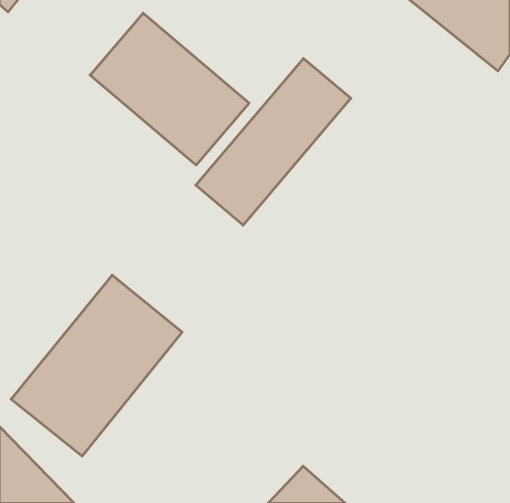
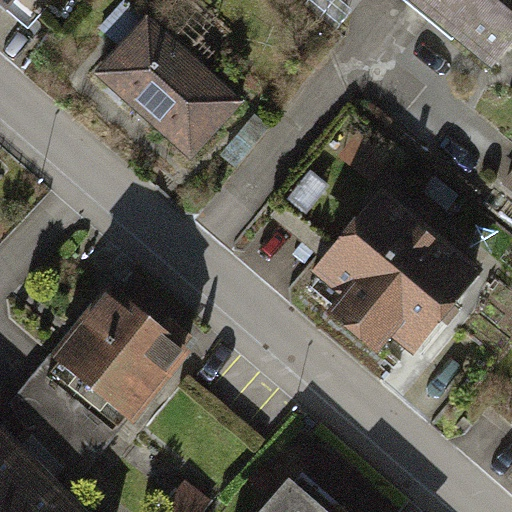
building: [196,58,351,225] -> none
building: none -> [314,188,485,363]

